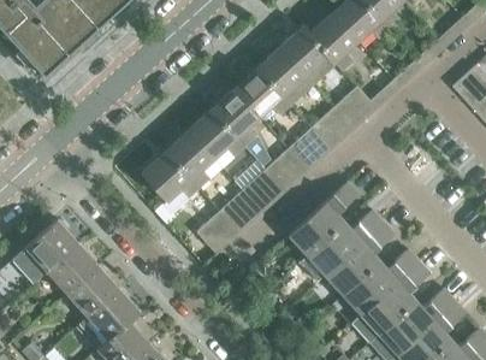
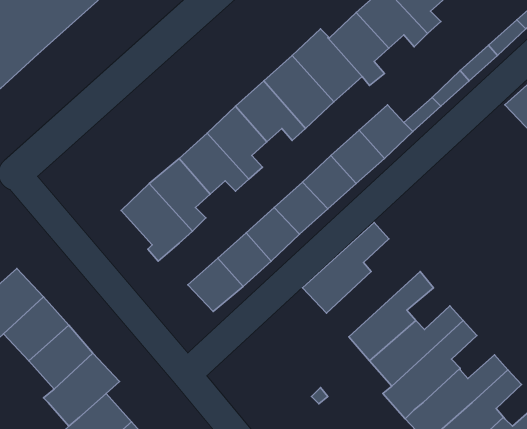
building: [308,209,384,275] -> none

